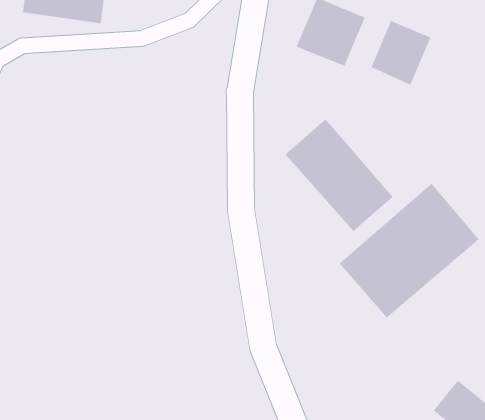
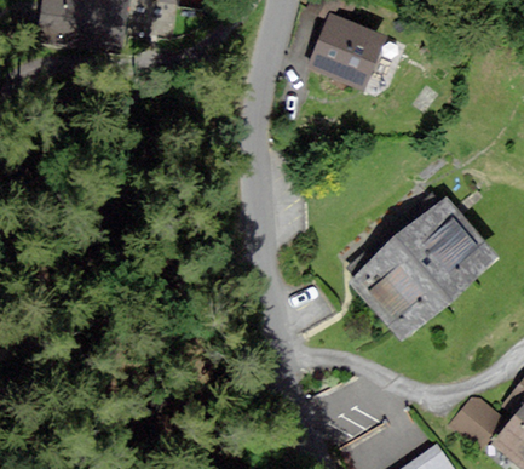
building: [371,20,431,85] -> none
building: [285,119,393,232] -> none

